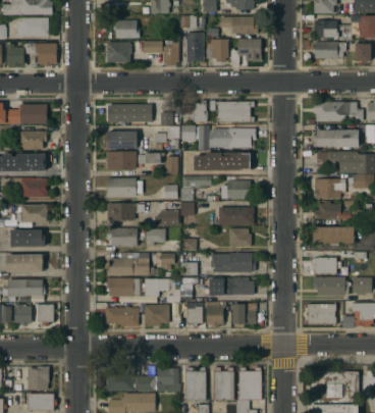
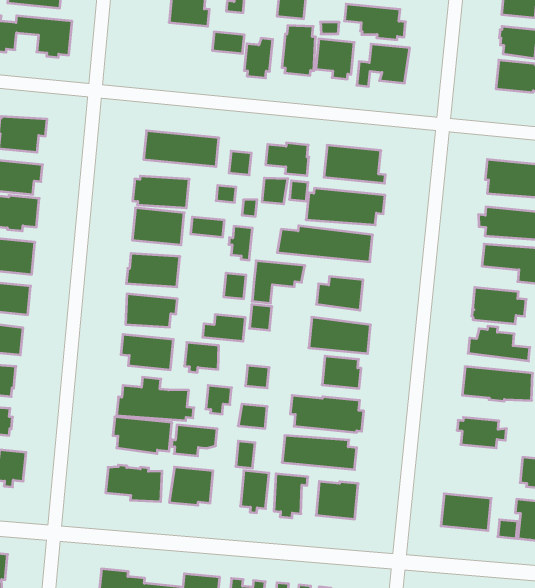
building: [106,42,131,62] -> none
building: [313,277,349,295] -> none

